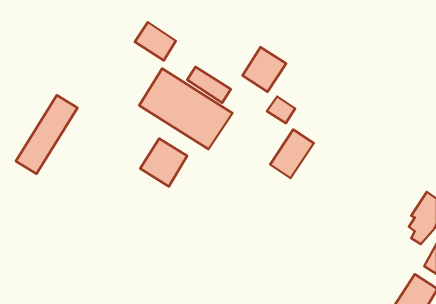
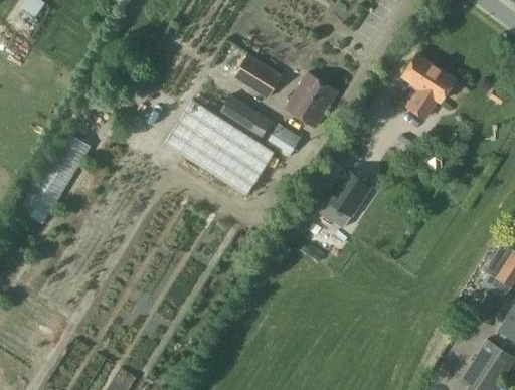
building: [135,22,176,61] -> [233,53,282,99]
building: none -> [402,54,456,118]
building: [267,97,295,123] -> [268,127,301,158]
building: [140,139,187,187] -> none

